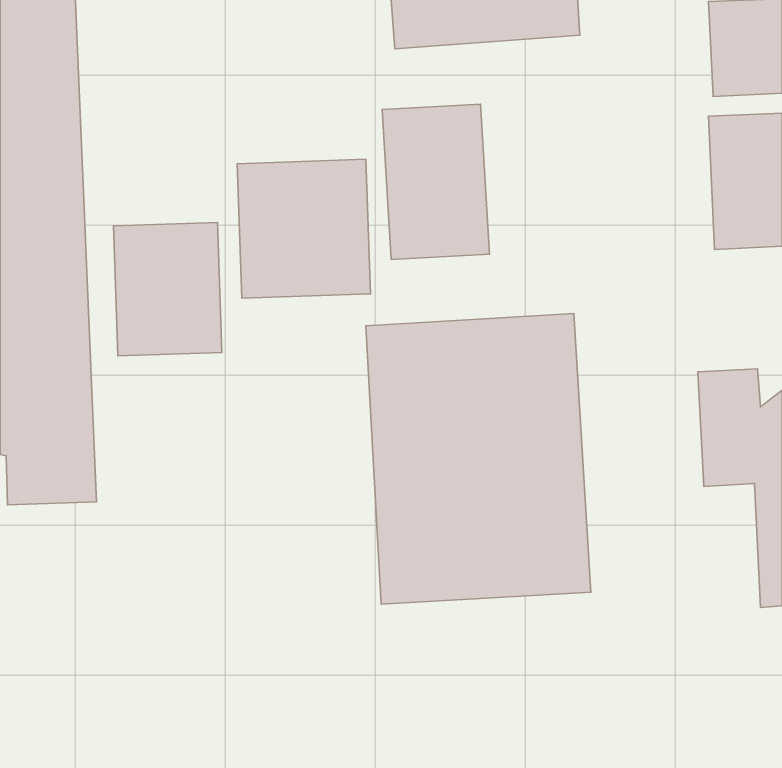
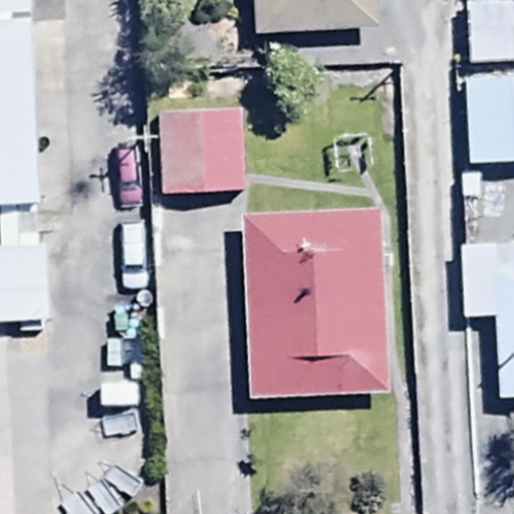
building: [382,104,489,260] -> none
building: [113,222,222,356] -> none

